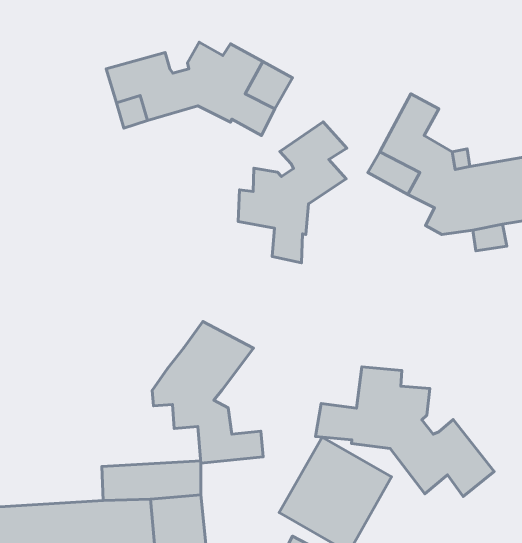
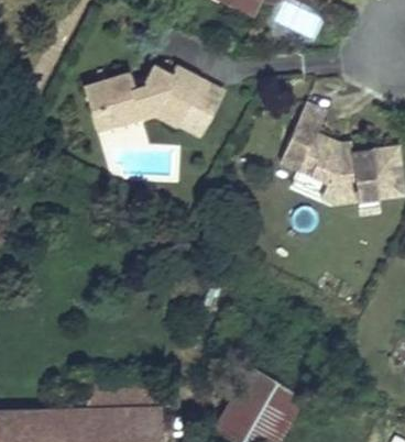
building: [238,122,347,263] -> none
building: [152,321,263,463] -> none
building: [316,367,494,497] -> none

